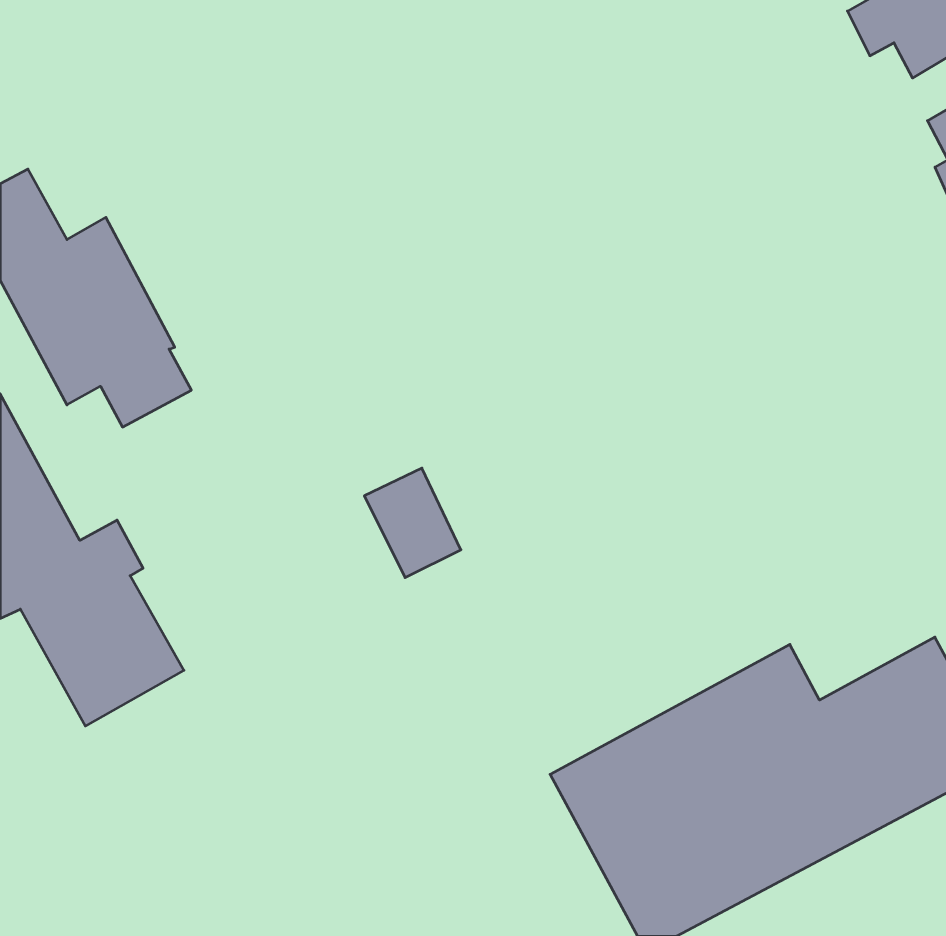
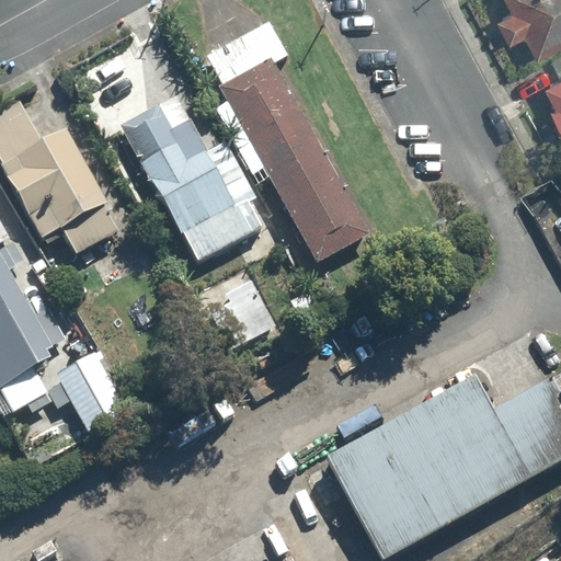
building: none -> [205,18,369,263]
building: none -> [119,91,262,261]

